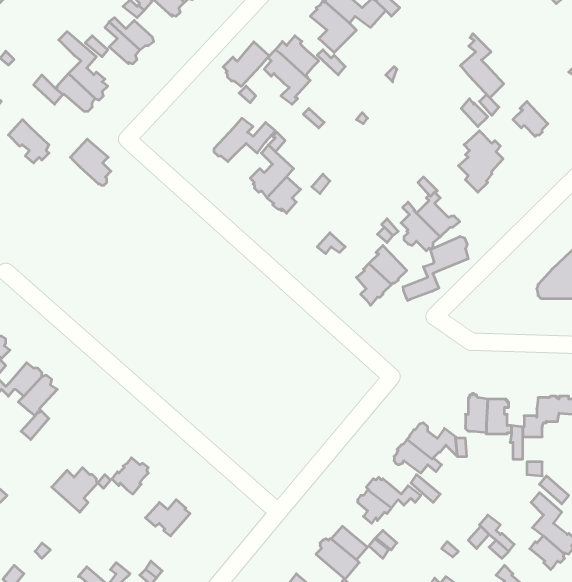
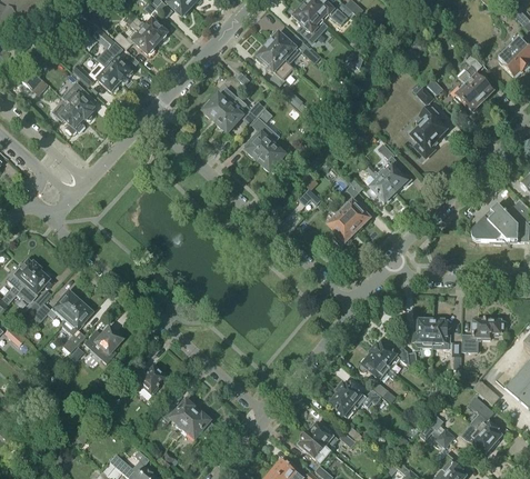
building: [460,34,504,98] -> [458,50,492,101]
building: [223,42,269,86] -> [201,86,238,121]
building: [70,139,111,185] -> [62,82,94,119]
building: [403,236,468,301] -> none
building: [52,468,98,512] -> [83,328,120,363]
building: none -> [181,411,214,438]

